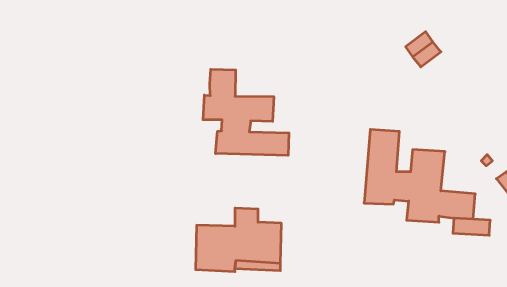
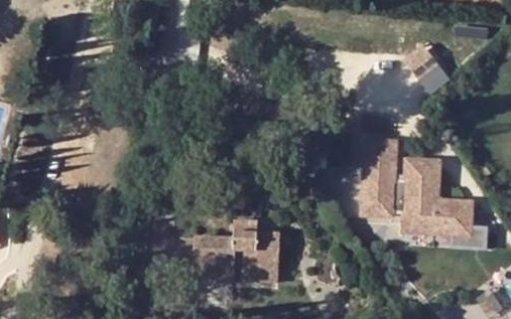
building: [203,69,289,155] -> none

